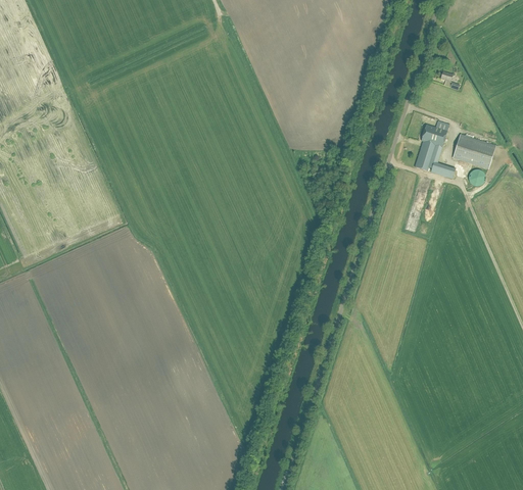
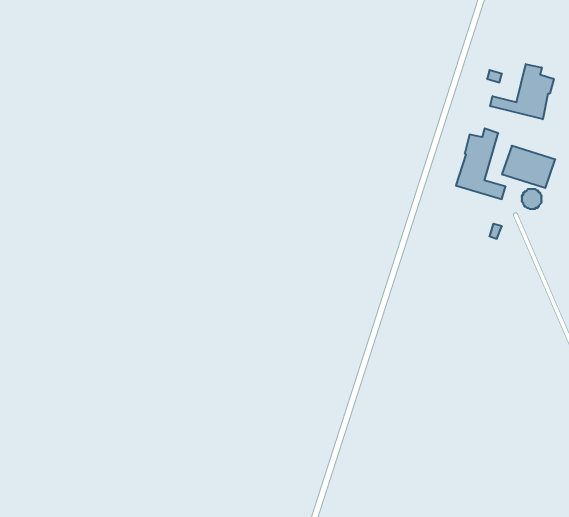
building: none -> [490,64,554,119]

